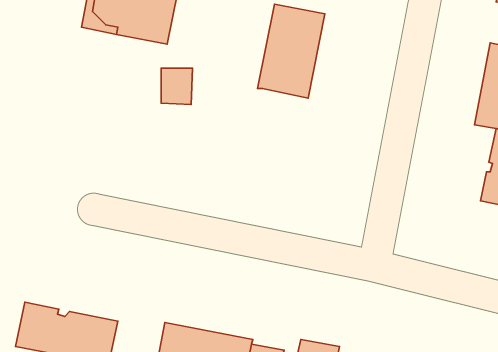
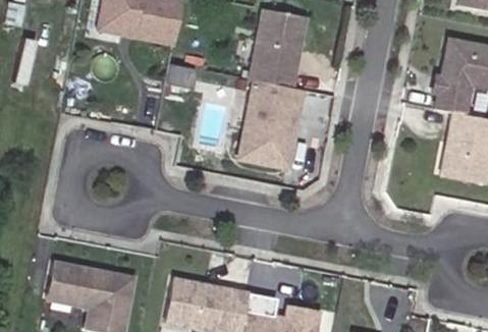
building: none -> [240,80,305,168]

